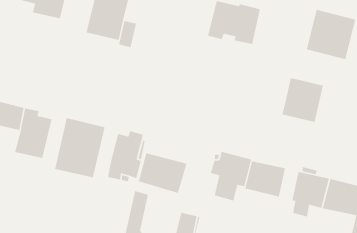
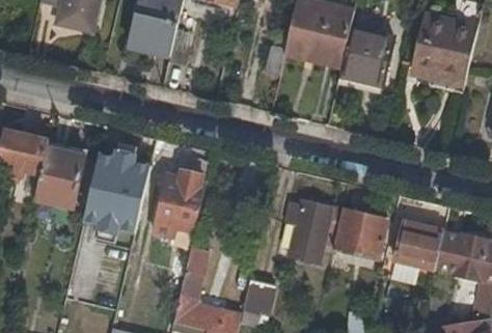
building: [281,77,324,123] -> [338,27,393,86]
building: [138,152,187,194] -> none

